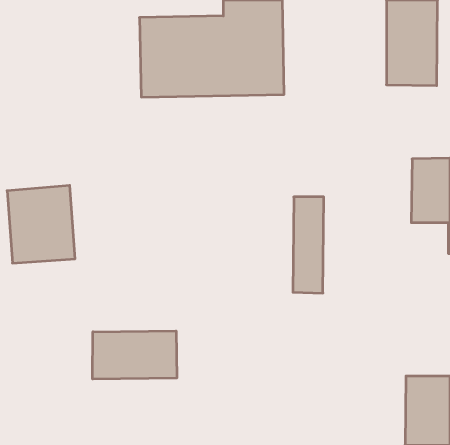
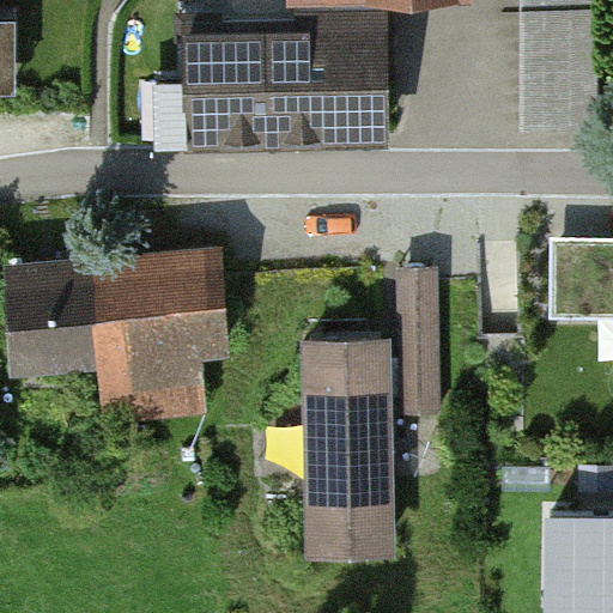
building: none -> [95,250,226,424]
building: none -> [302,342,384,548]
building: [93,331,177,379] -> none

